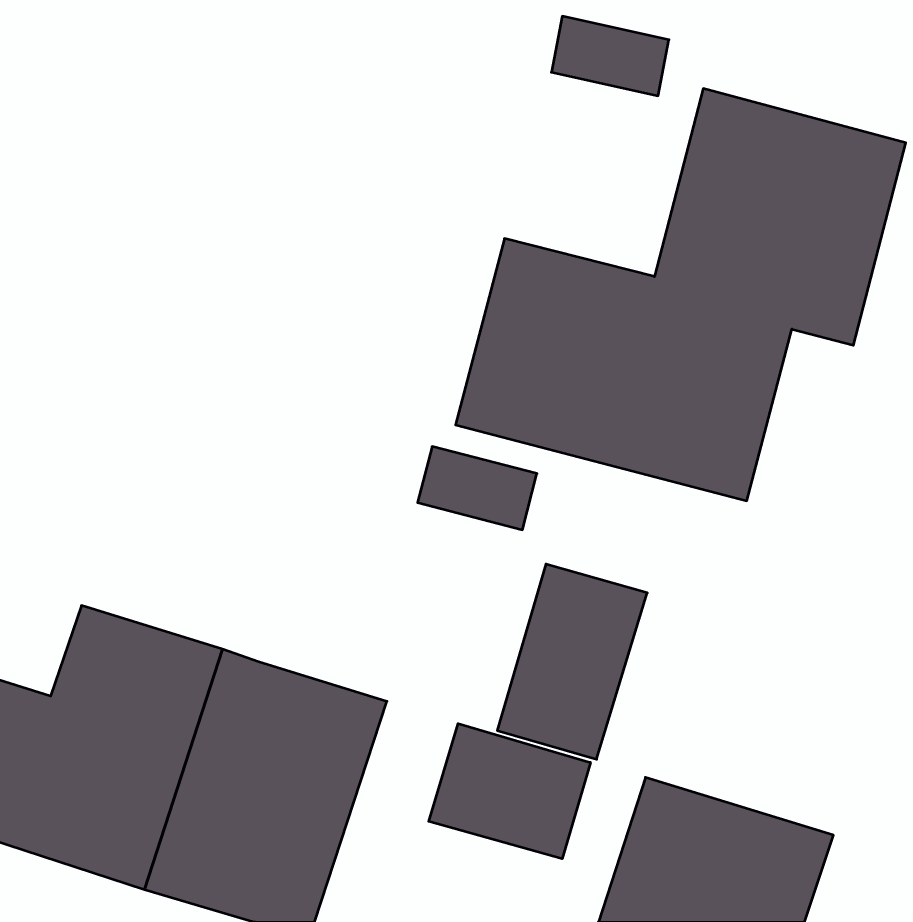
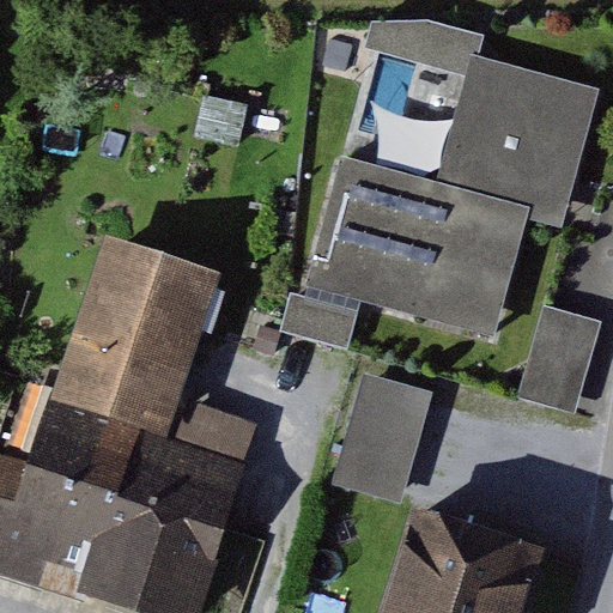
building: none -> [54,230,225,438]
building: none -> [514,306,595,413]
building: [429,724,590,859] -> none

